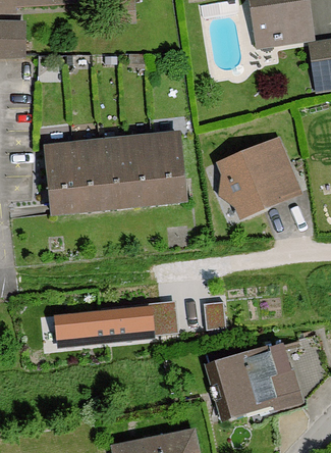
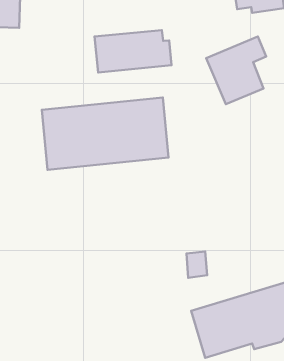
building: none -> [94,30,172,72]
building: [220,140,285,213] -> [206,37,266,104]
building: [55,306,163,343] -> none

